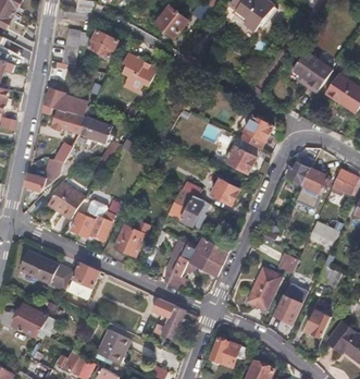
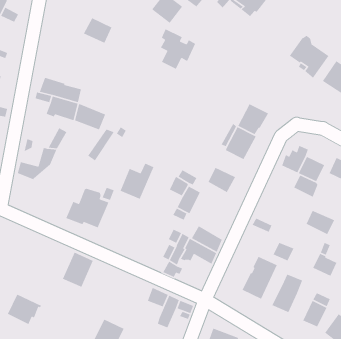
building: [62,27,88,64] -> none
building: [121,53,157,95] -> [160,28,196,70]
building: [48,182,85,217] -> none
building: [114,219,149,256] -> [119,162,155,200]
building: [18,250,73,290] -> none

